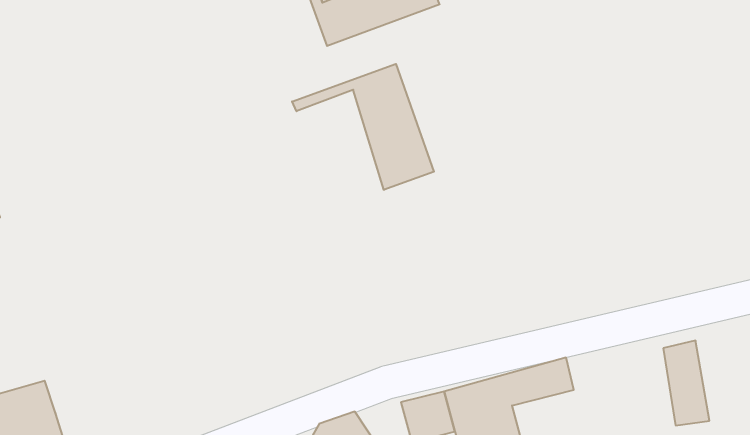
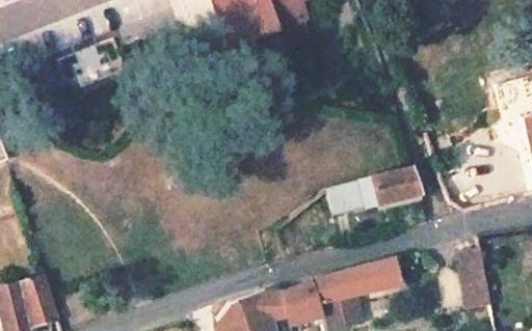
building: [292,64,434,190] -> none
building: none -> [324,164,421,214]

